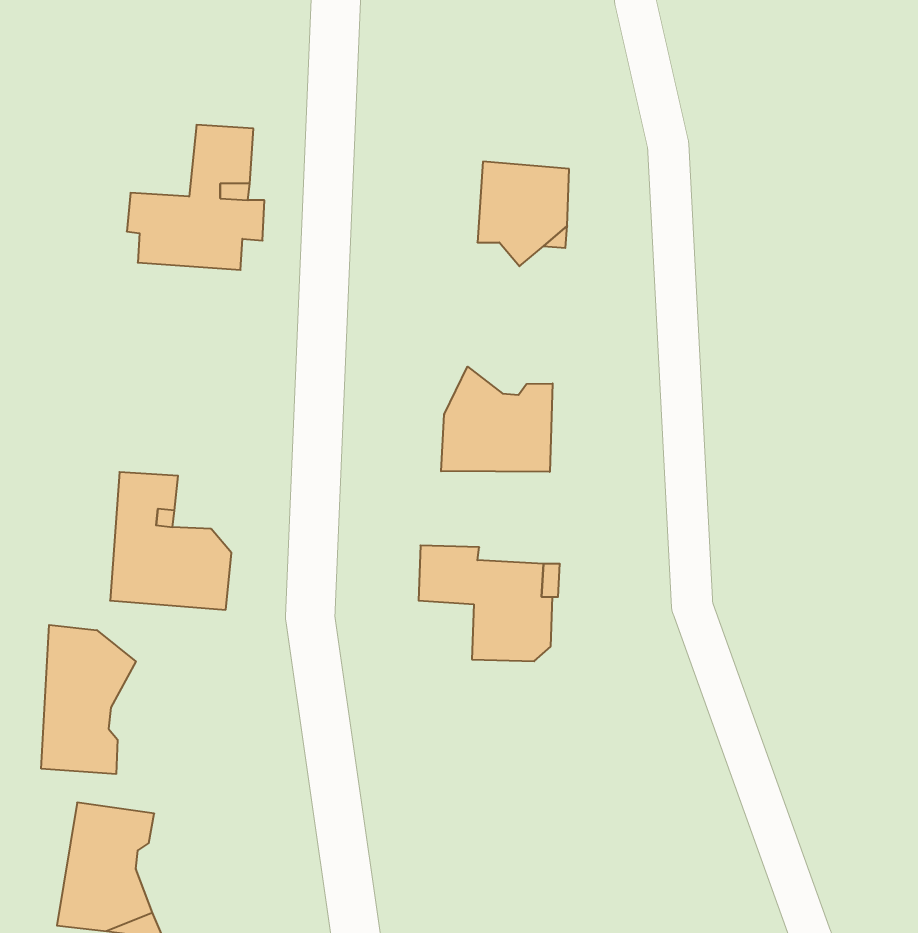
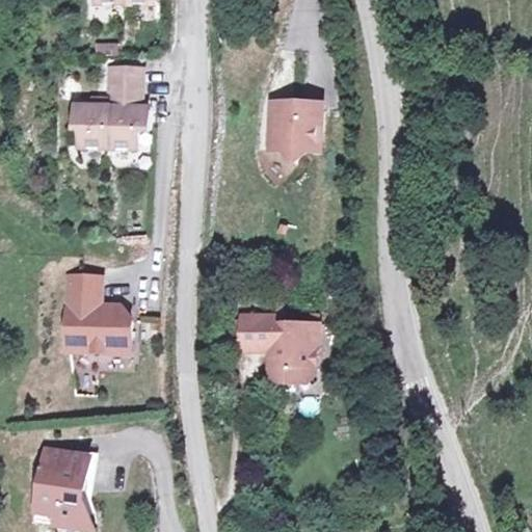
building: [441,367,553,472] -> none
building: [41,625,136,774] -> none

